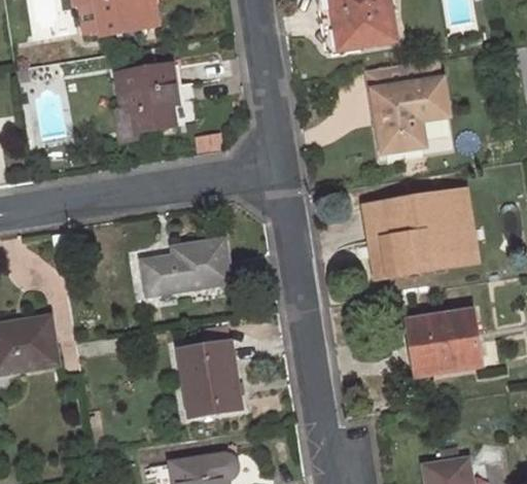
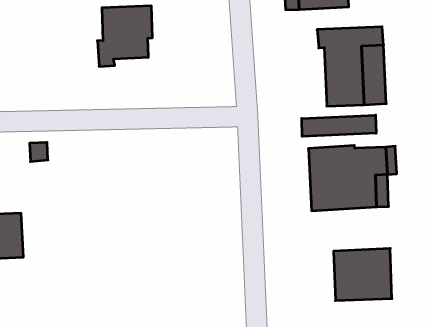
building: none -> [302,115,376,136]
building: [141,239,233,296] -> none
building: [178,343,241,417] -> none

